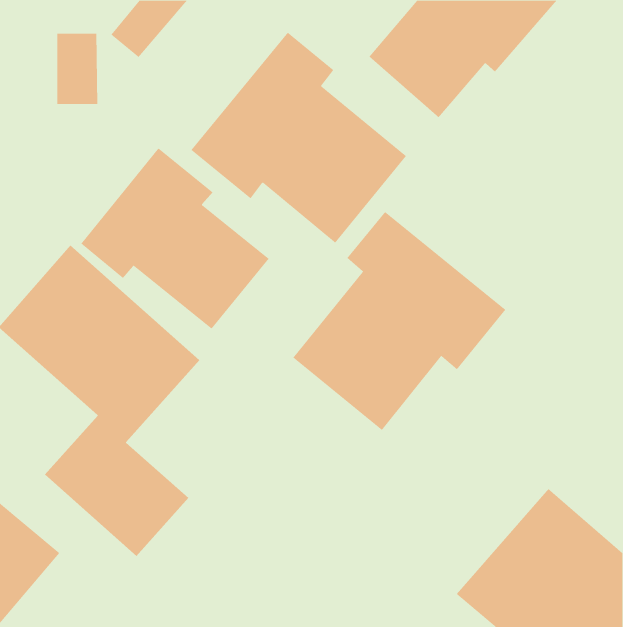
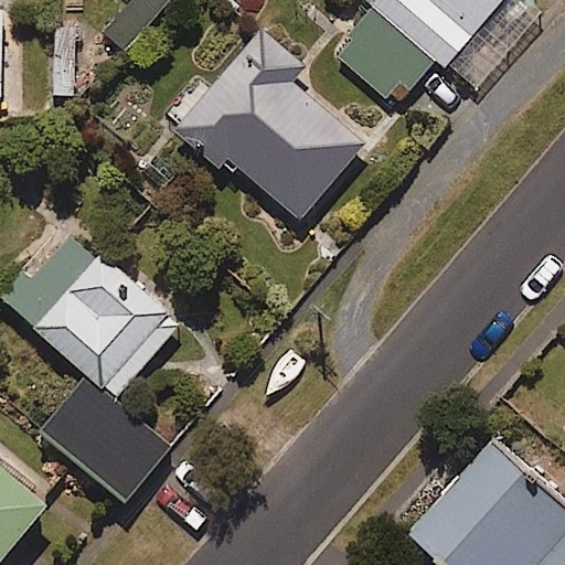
building: [80,147,269,329] -> none
building: [293,211,506,431] -> none

